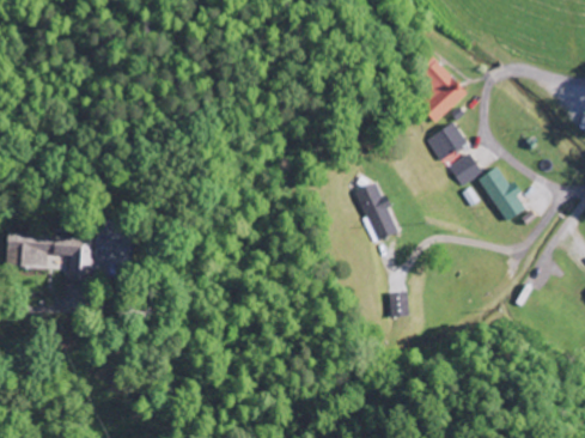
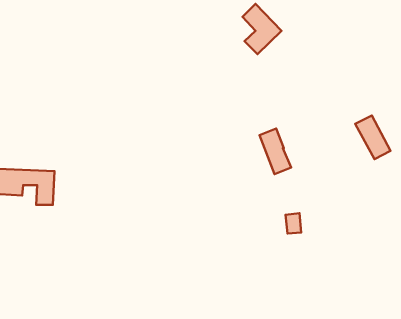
building: [416,59,467,123] -> [243,4,282,54]
building: [427,123,467,162] -> none
building: [449,153,482,187] -> none

